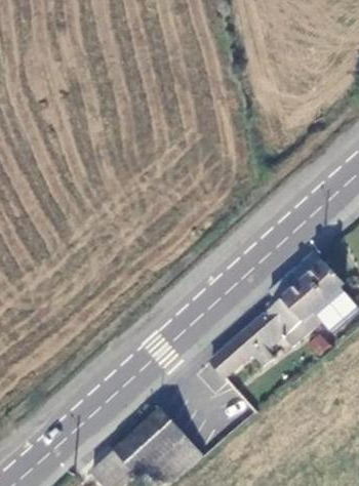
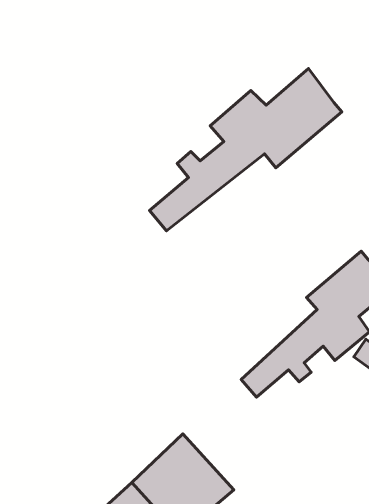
building: none -> [150,69,342,231]

